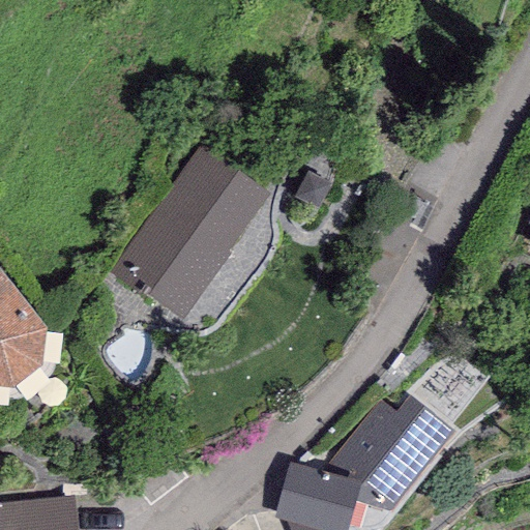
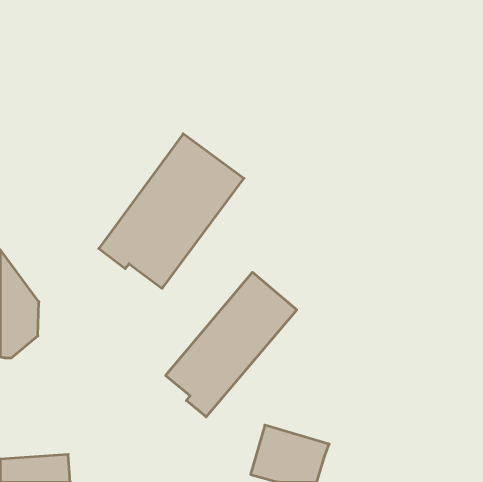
building: none -> [166,272,297,417]
building: [322,404,438,509] -> none

